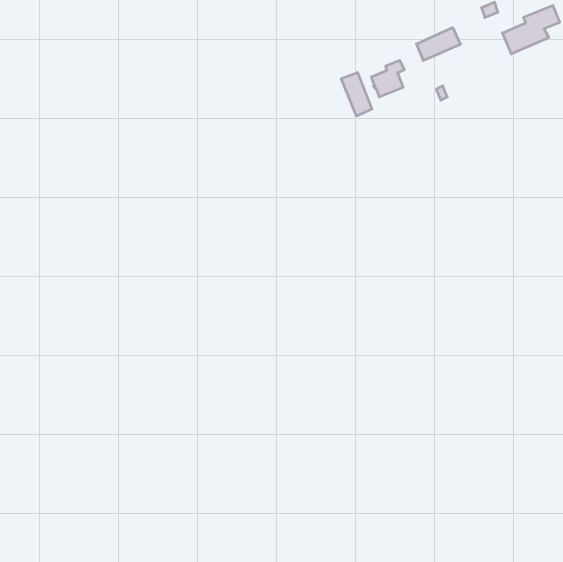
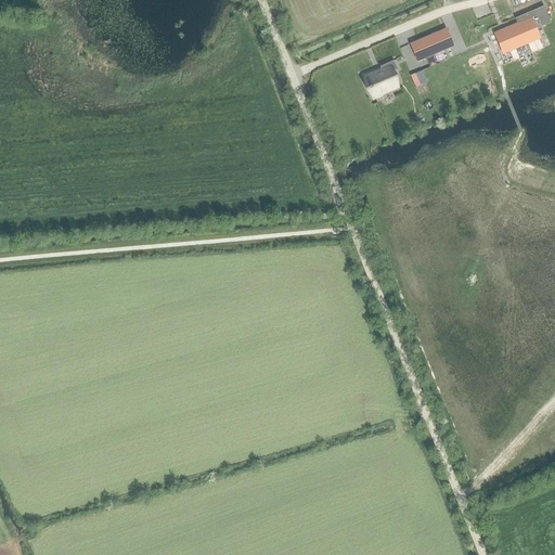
building: [341,72,372,116] -> none

